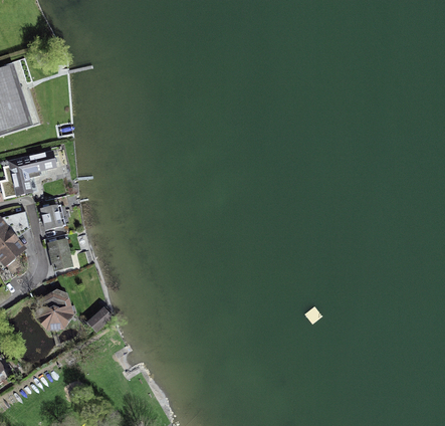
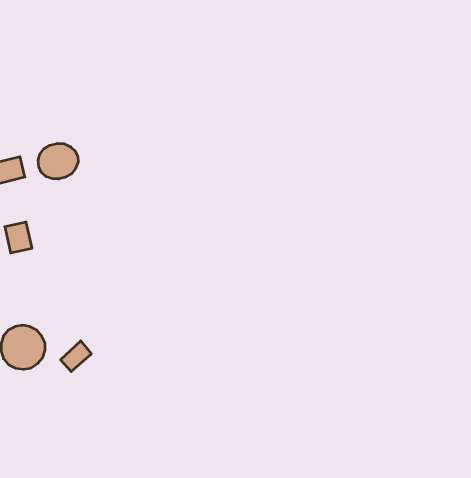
building: none -> [38,143,78,179]
building: [47,238,73,271] -> none

